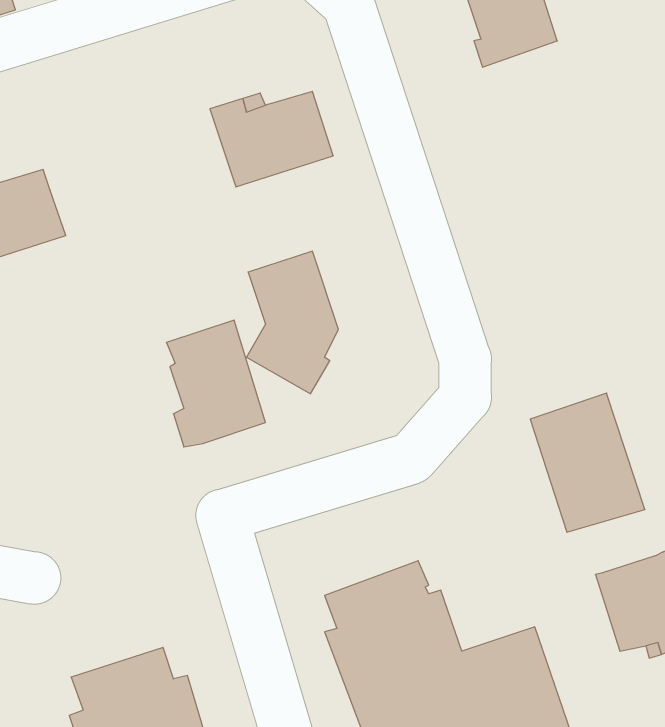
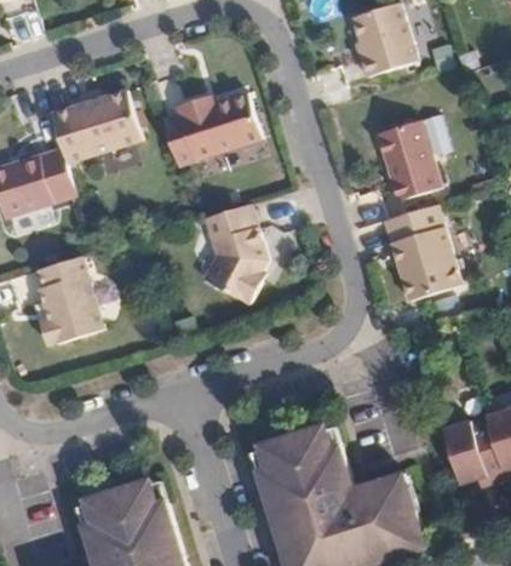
building: none -> [48,88,139,162]
building: none -> [378,119,443,200]
building: [166,320,265,447] -> [35,257,104,345]
building: [530,393,645,532] -> [384,202,464,299]

